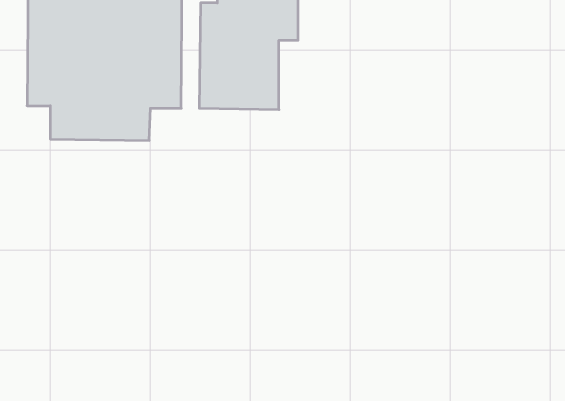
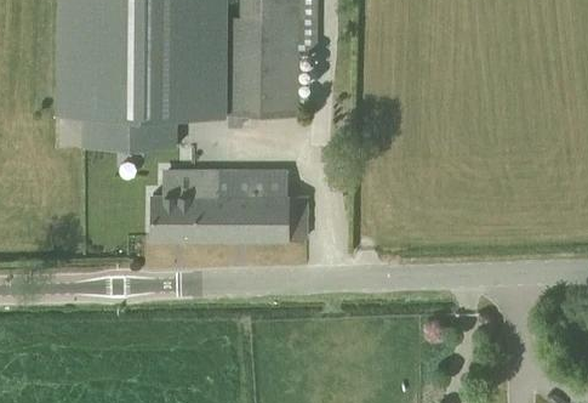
building: none -> [149,170,304,239]

